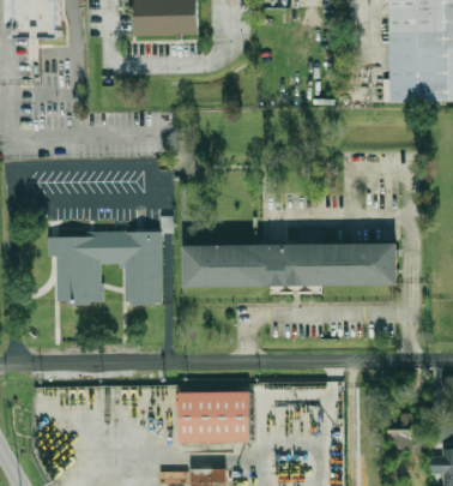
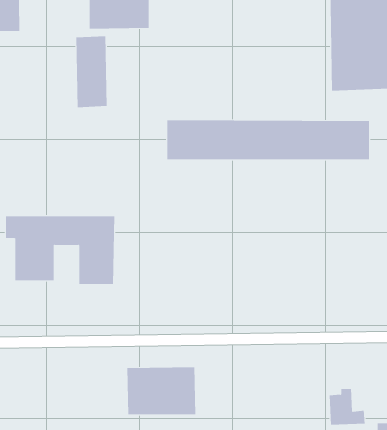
building: none -> [76,35,107,108]
building: [185,245,398,287] -> [166,120,370,160]

